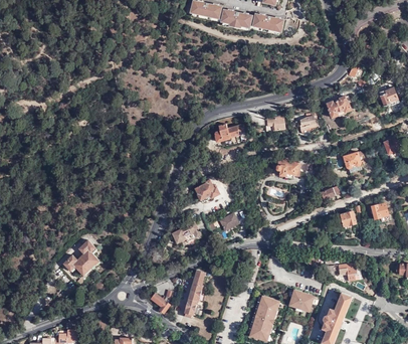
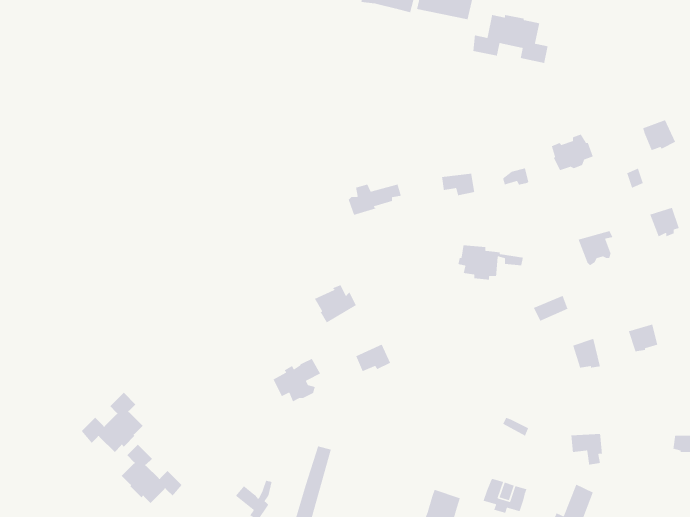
building: none -> [472,14,548,64]
building: none -> [121,444,182,504]

